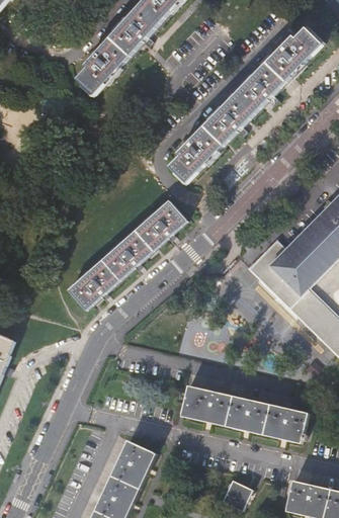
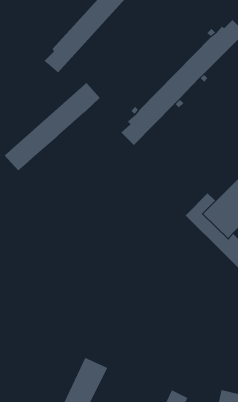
building: [69,200,186,309] -> [4,82,101,171]
building: [181,384,308,441] -> none

